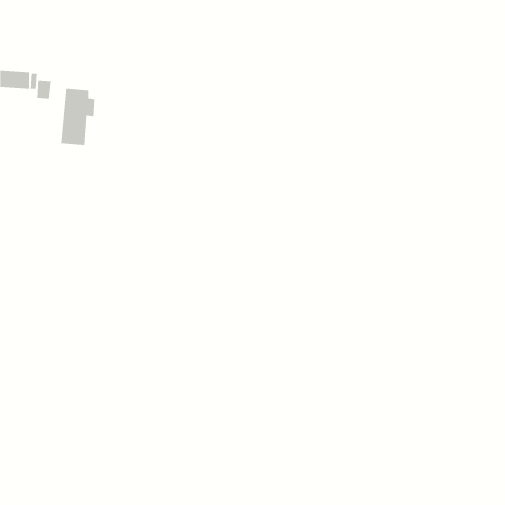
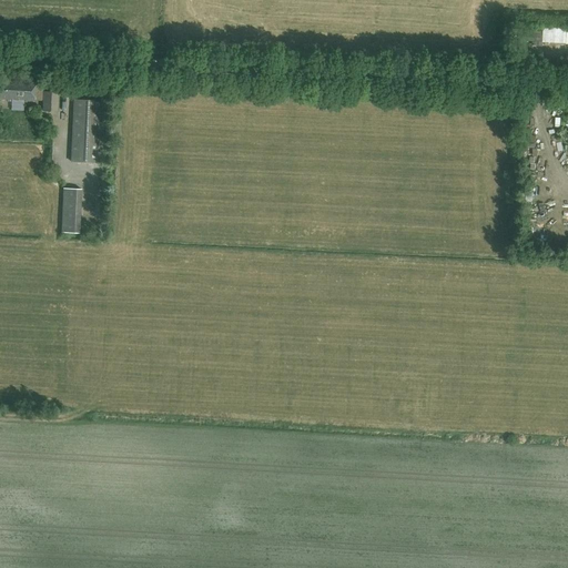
building: none -> [60,187,80,232]

